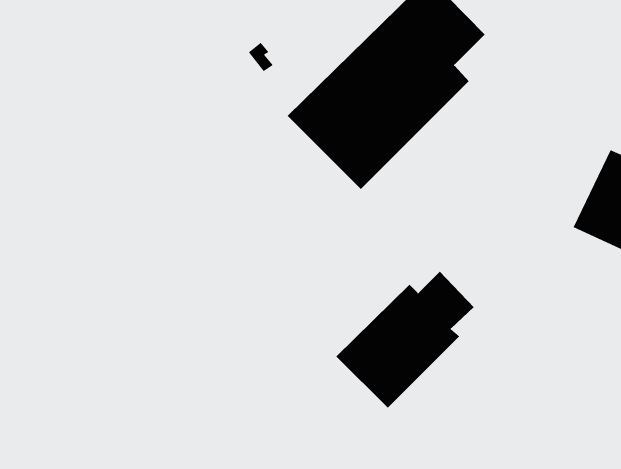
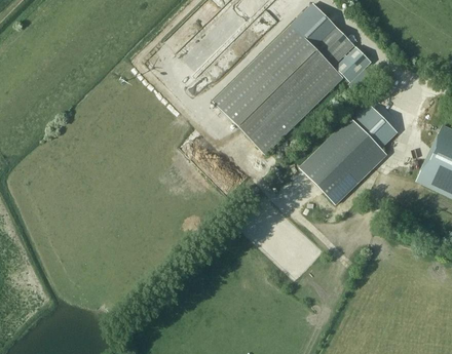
building: none -> [336,45,371,80]
building: [336,271,475,409] -> [299,106,398,203]

